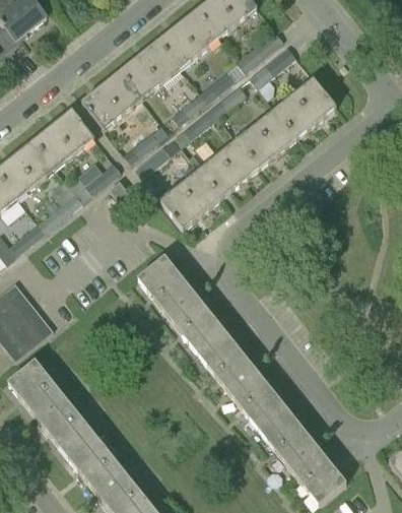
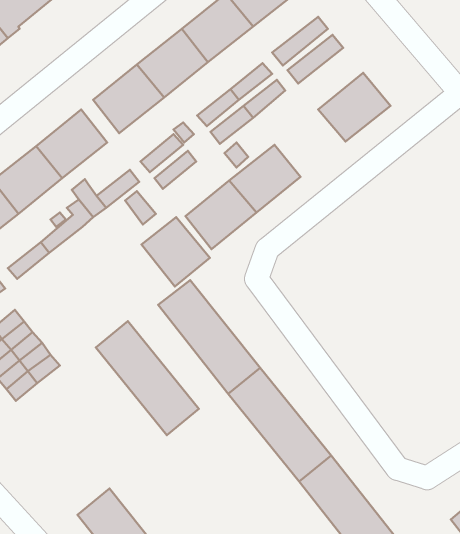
building: [237,109,297,167] -> none
building: none -> [141,217,210,286]
building: [7,359,95,456] -> [96,321,199,435]

